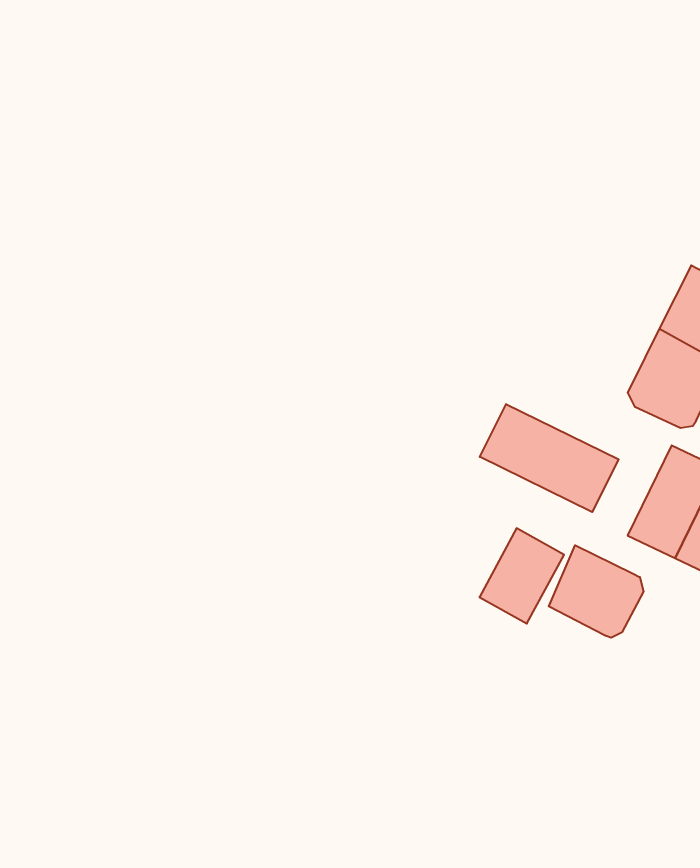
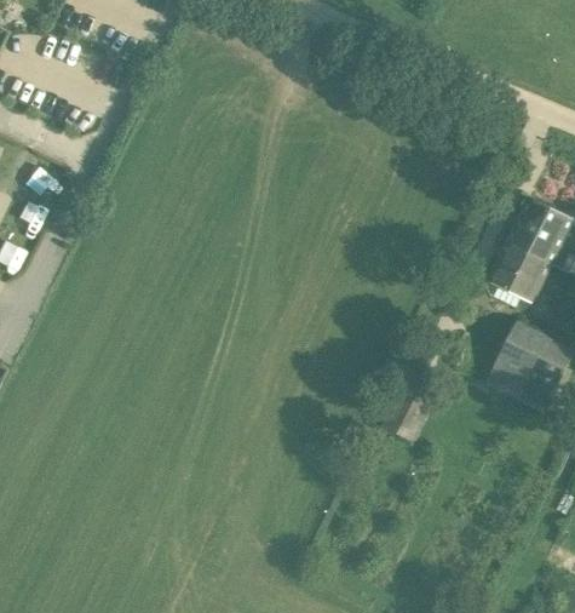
building: [480,404,619,512] -> none
building: [549,545,643,638] -> none

